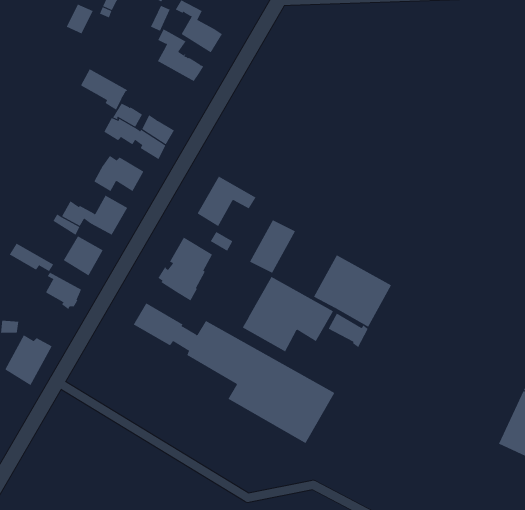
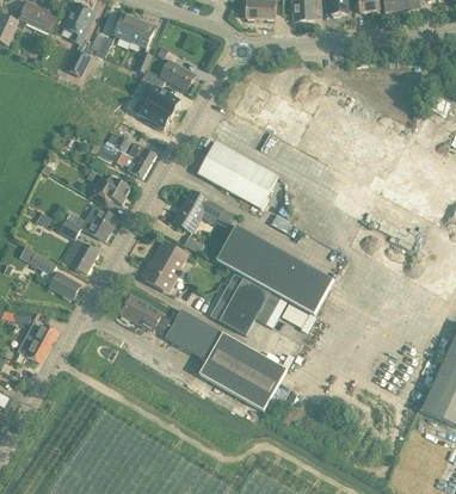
building: [80,68,128,110] -> [133,95,172,130]
building: none -> [197,141,277,206]
building: none -> [235,235,288,289]

